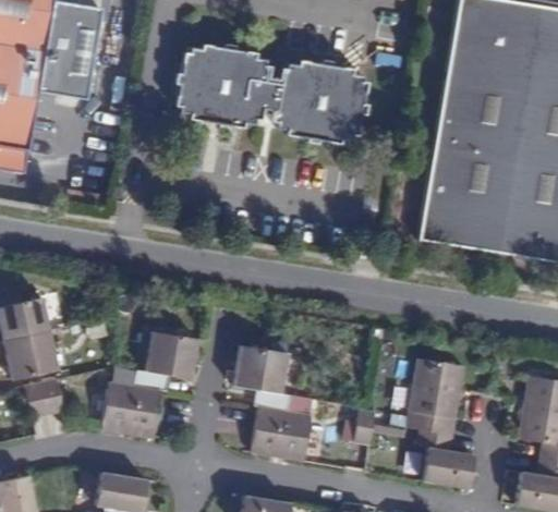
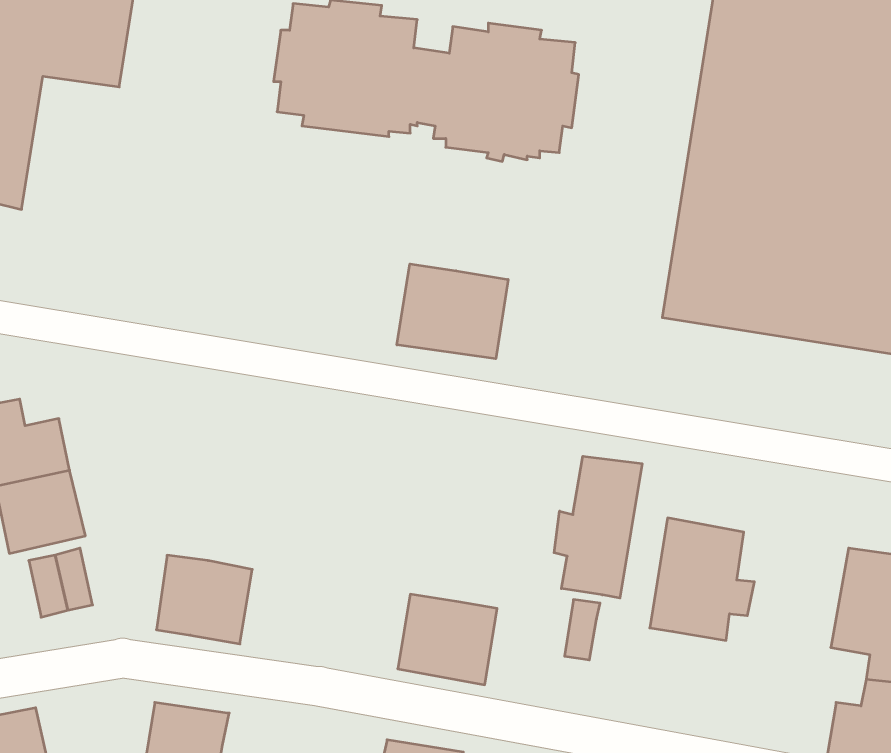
building: none -> [397,264,508,359]
building: none -> [554,456,642,598]
building: [135,333,199,391] -> none
building: [235,348,290,411] -> none
building: [417,429,475,488] -> none

